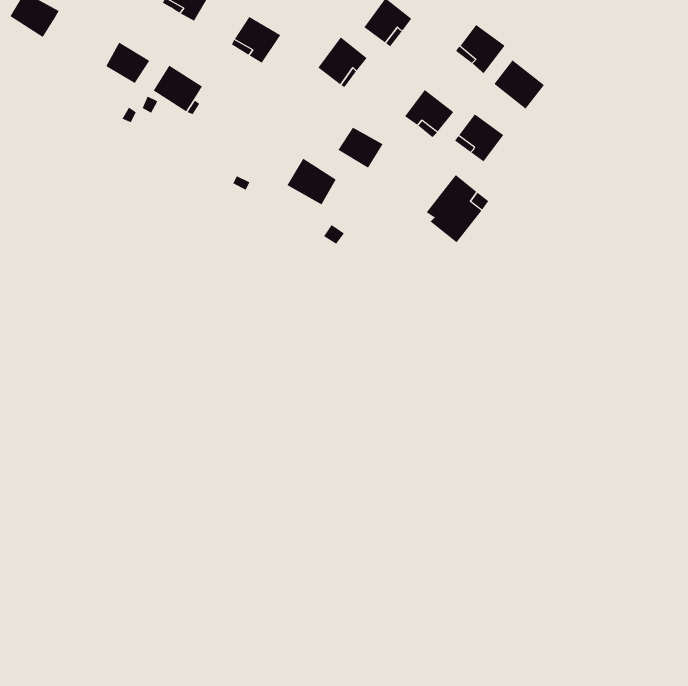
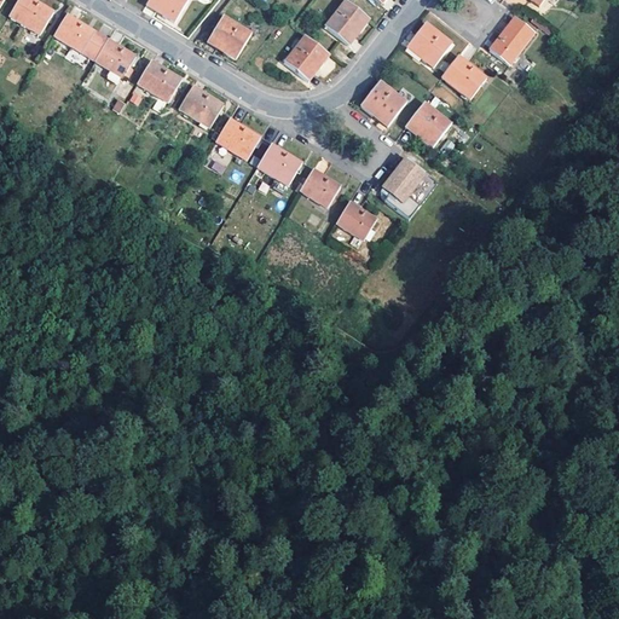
building: none -> [53,12,106,65]
building: none -> [490,17,534,64]
building: none -> [179,85,224,126]
building: [337,127,383,169] -> [300,168,341,206]
building: none -> [215,117,260,158]
building: none -> [336,201,377,238]

